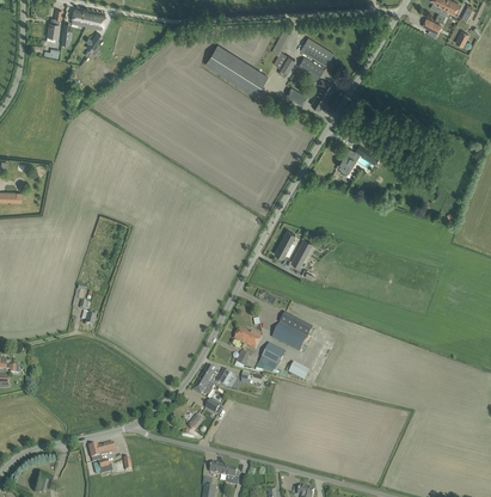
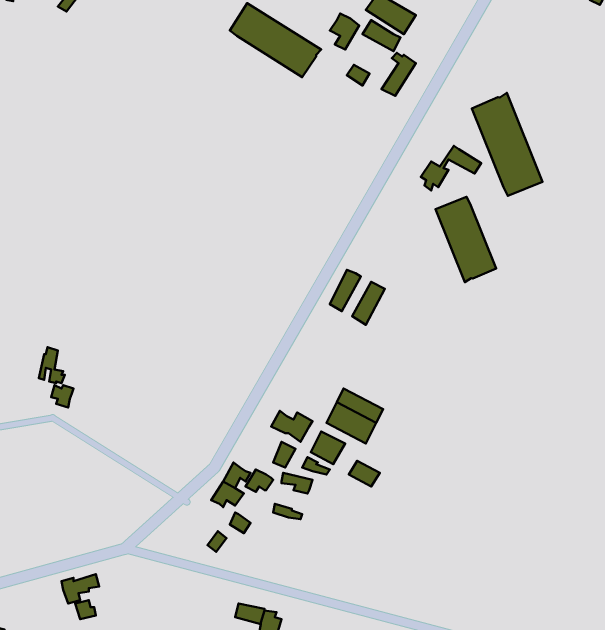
building: none -> [472,93,543,196]
building: none -> [436,197,496,282]

